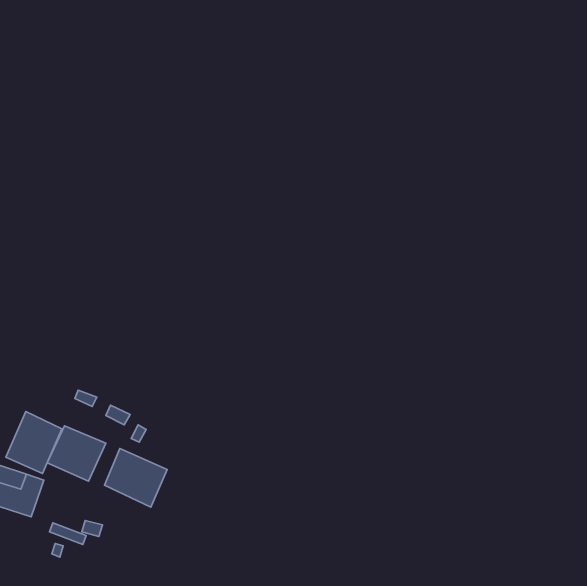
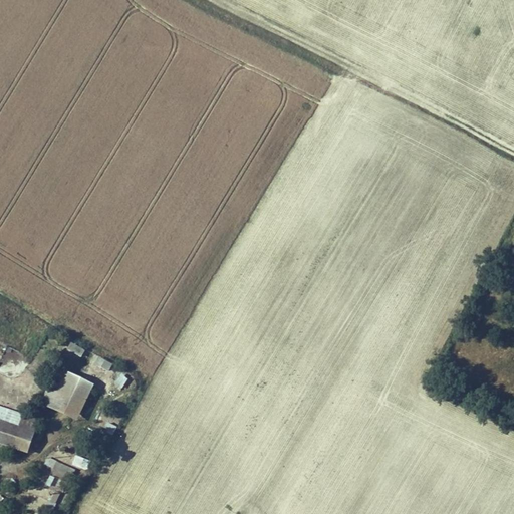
building: [6,411,62,474] -> none
building: [105,448,167,507] -> none

